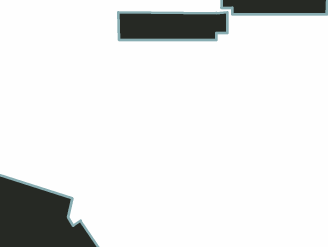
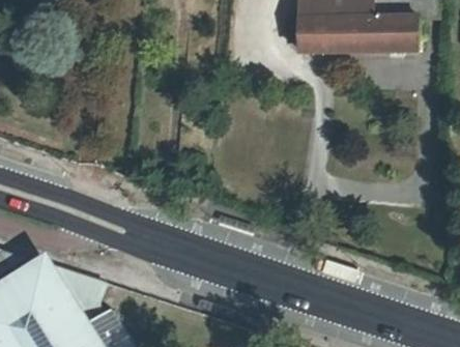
building: [118,12,227,40] -> none

